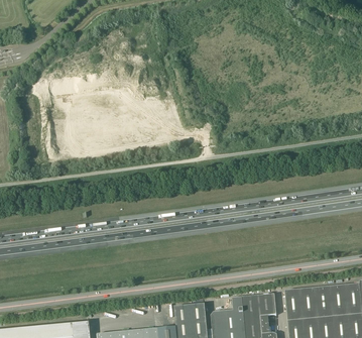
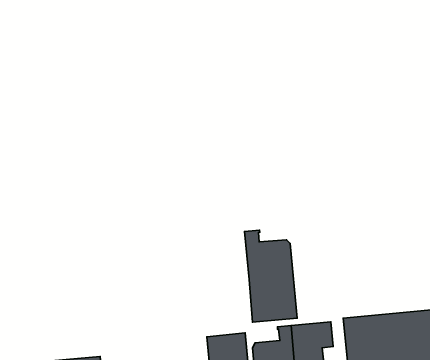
building: none -> [245,230,297,322]

